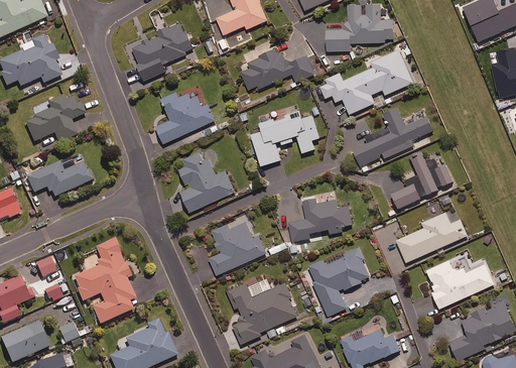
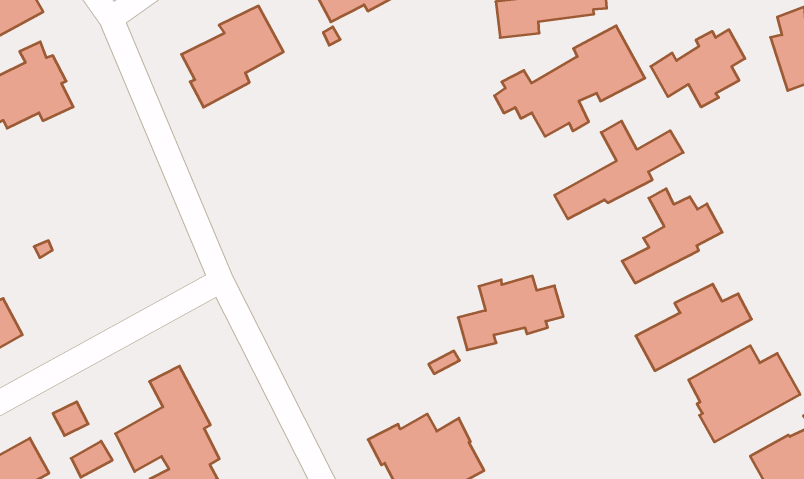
building: [240,46,314,90] -> none
building: none -> [651,30,745,107]
building: [154,88,214,143] -> none
building: [24,91,86,141] -> none
building: [250,112,318,166] -> none
building: [177,151,234,212] -> none
building: [26,160,92,197] -> none
building: [208,222,265,275] -> none
building: [307,247,370,316] -> none

